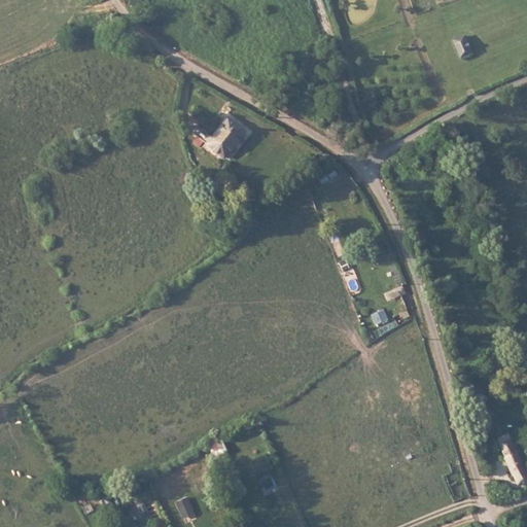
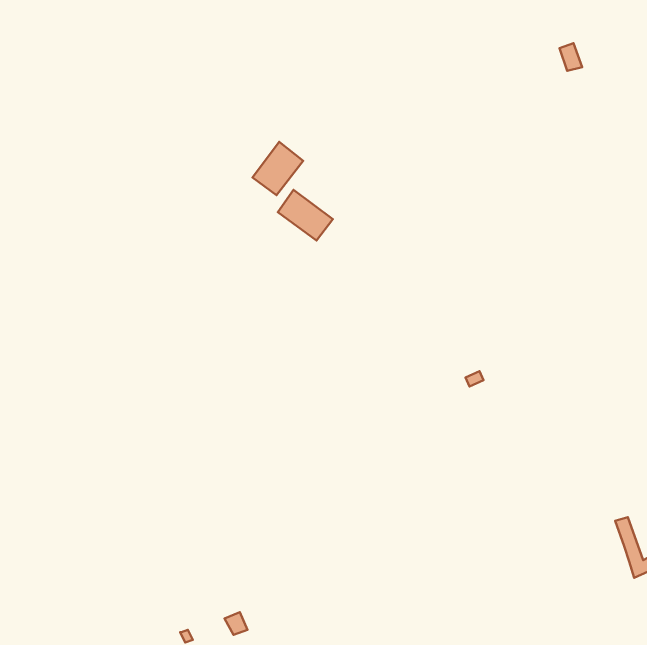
building: none -> [278,190,333,240]

